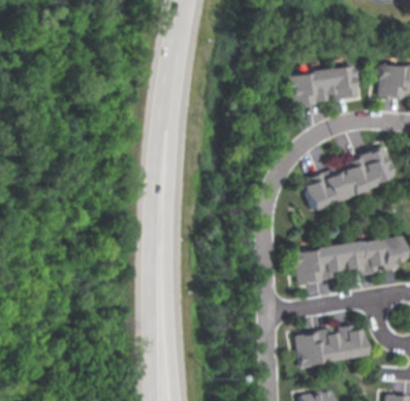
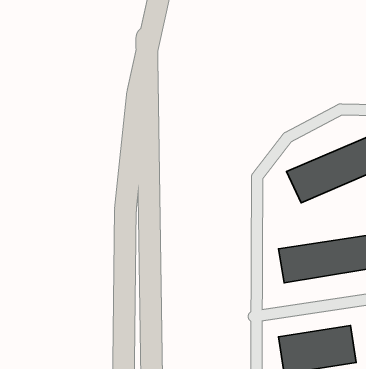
building: [286,65,361,107] -> none

